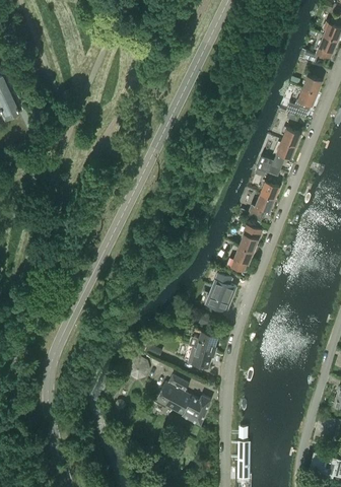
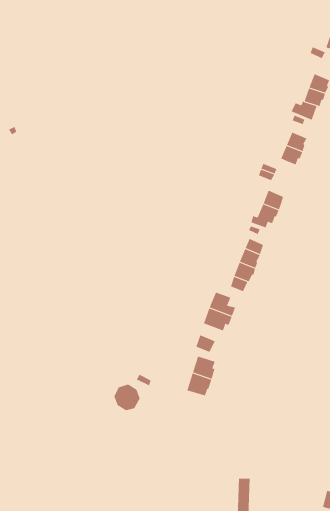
building: [155,375,211,425] -> none

